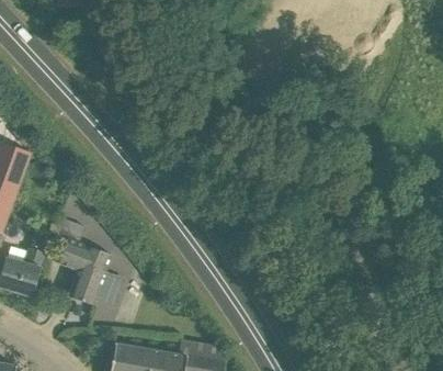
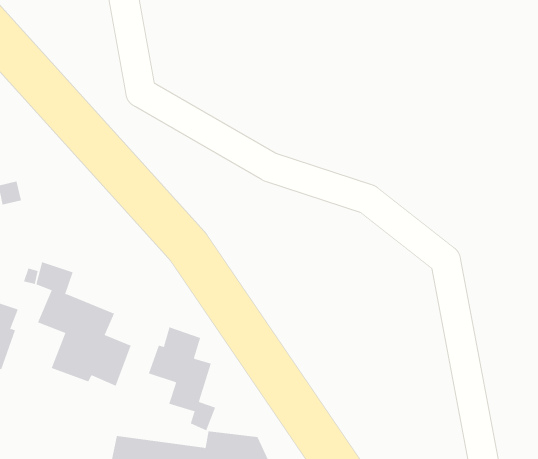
building: none -> [148,327,216,431]

